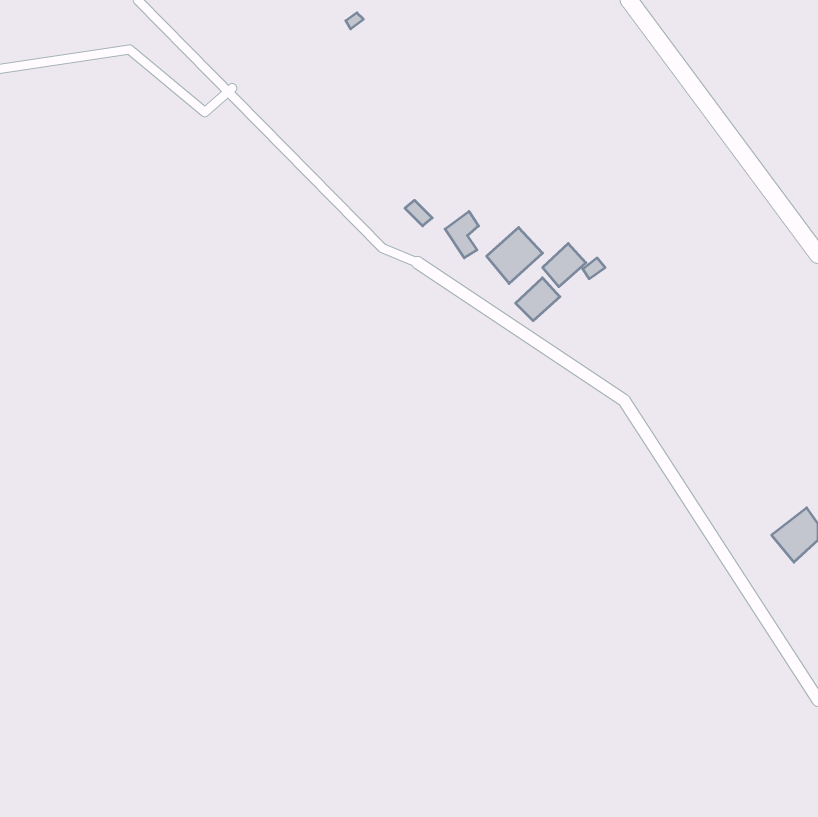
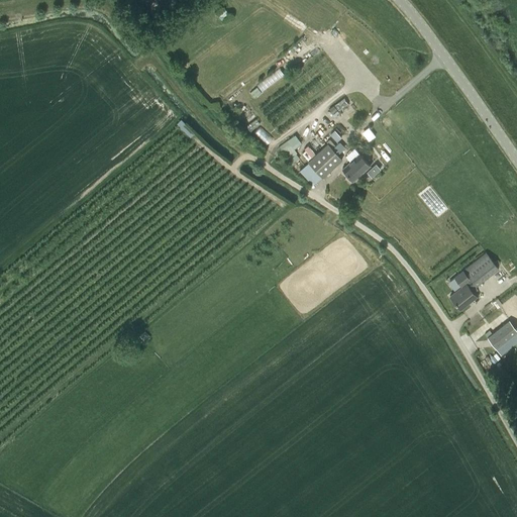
building: [516,278,560,321] -> none
building: none -> [449,252,498,310]

